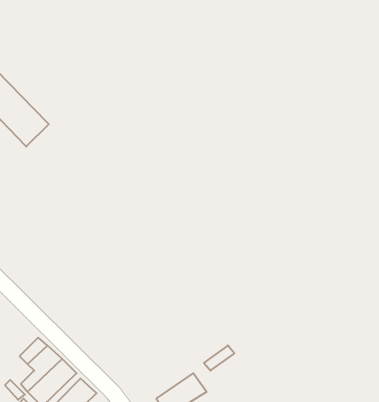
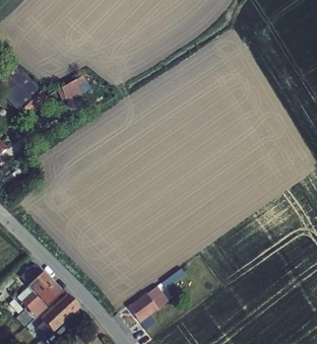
building: none -> [58,75,88,101]

